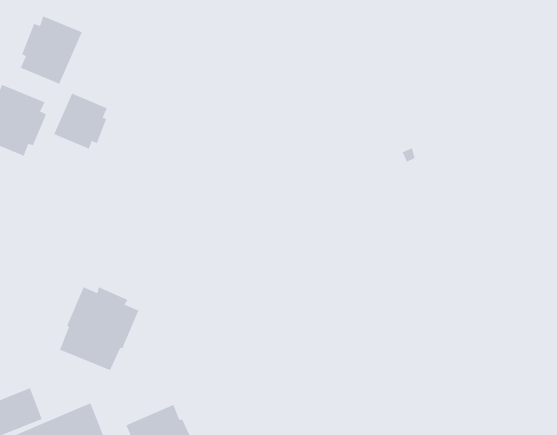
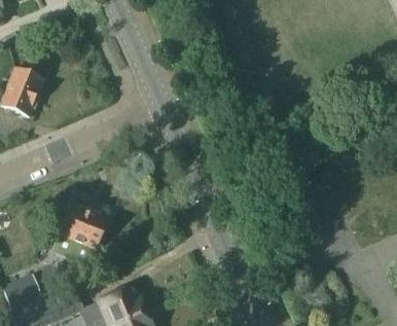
building: [20,16,82,84] -> none
building: [53,93,108,149] -> none

